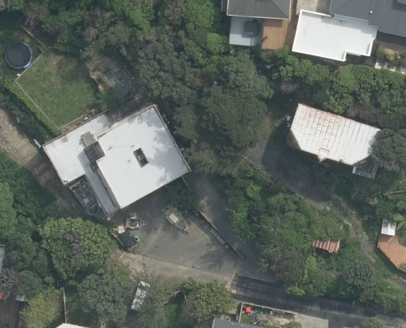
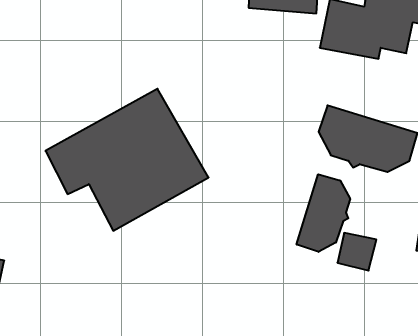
building: none -> [297,174,350,252]

